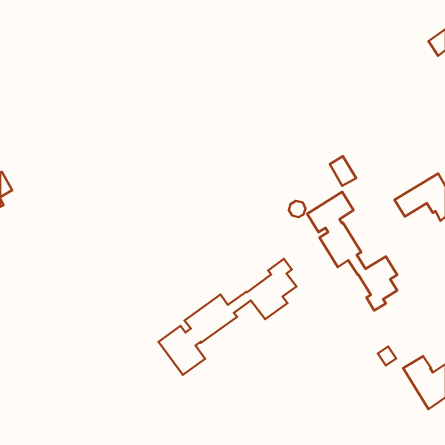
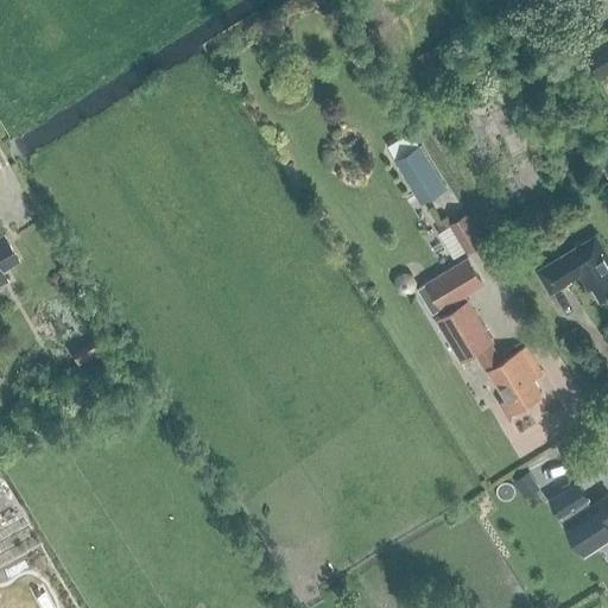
building: none -> [397,147,446,203]
building: [158,259,296,375] -> none

